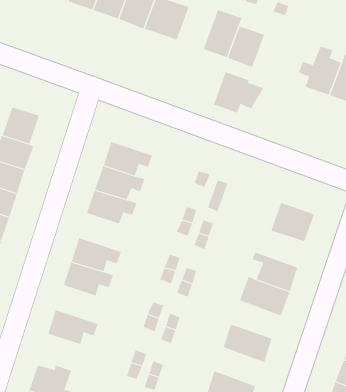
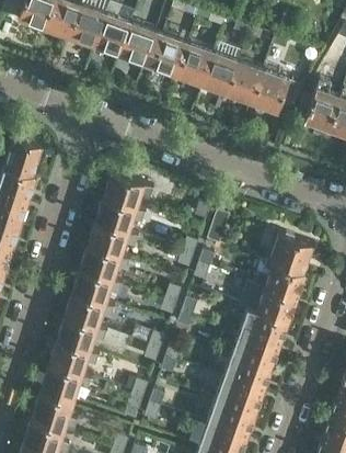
building: none -> [176,44,214,86]
building: [213,71,264,114] -> [251,71,301,113]
building: none -> [79,248,129,283]
building: none -> [253,263,304,302]
building: none -> [56,319,106,354]
building: none -> [229,335,279,372]
building: none -> [38,367,90,404]
building: none -> [212,381,263,419]

